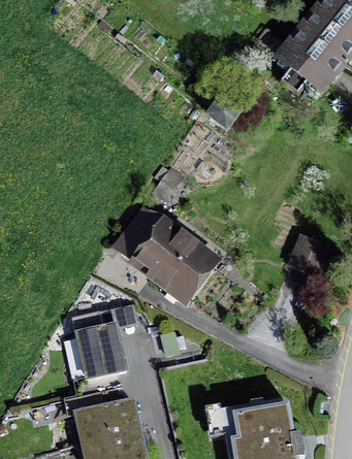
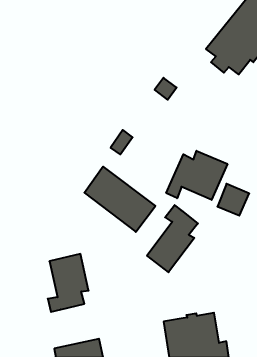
building: none -> [166,151,227,200]
building: none -> [147,205,198,272]
building: [74,386,138,442] -> none

